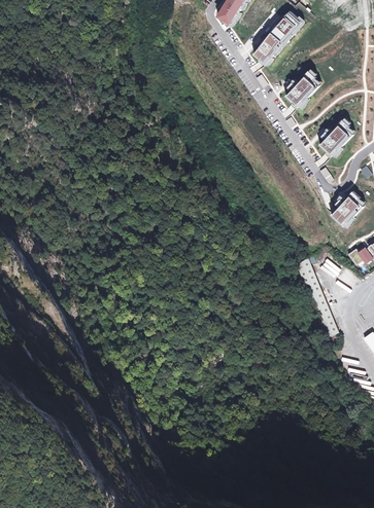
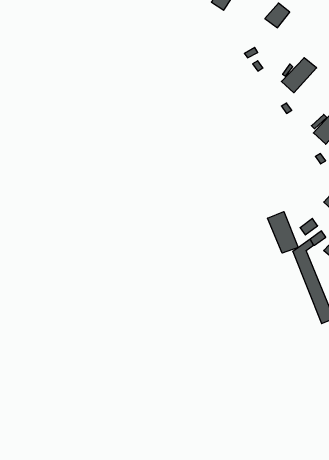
building: [254,31,282,62] -> none
building: none -> [268,212,298,253]

